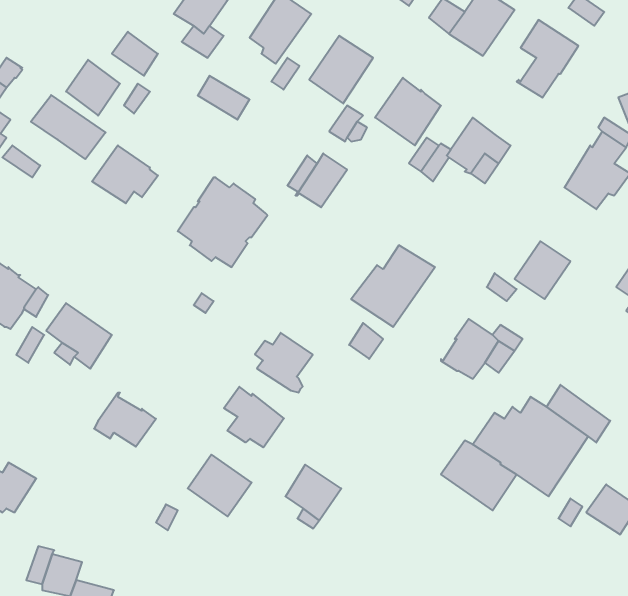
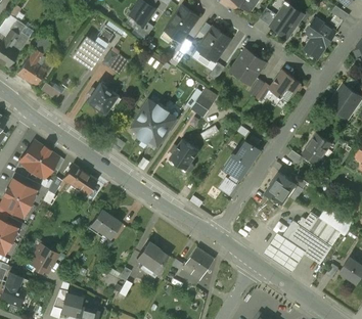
building: [31,95,106,159] -> none
building: [255,333,313,393] -> [169,140,198,171]
building: [224,387,284,447] -> none

